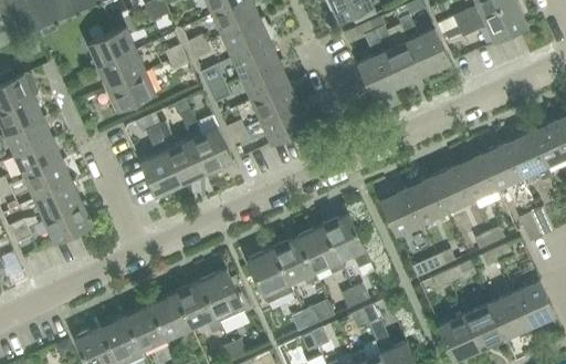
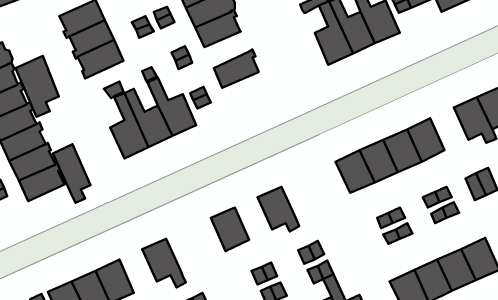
building: [241,60,289,101] -> none
building: none -> [15,56,59,117]
building: [260,103,308,144] -> none
building: [481,143,522,188] -> none
building: none -> [53,144,90,203]
building: [323,215,369,267] -> none
building: [273,238,316,285] -> none
building: [200,270,244,322] -> none
building: [150,293,190,340] -> none

